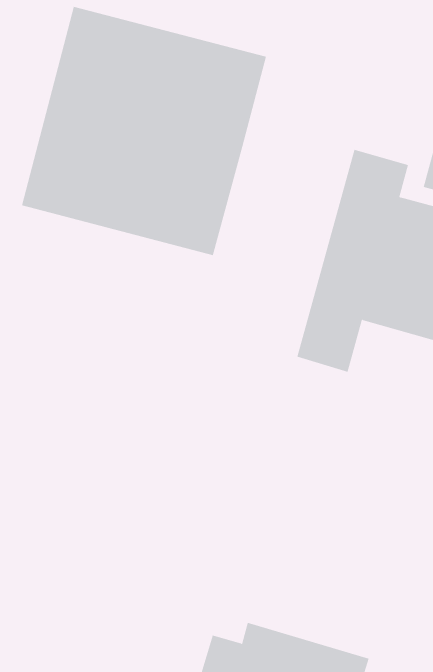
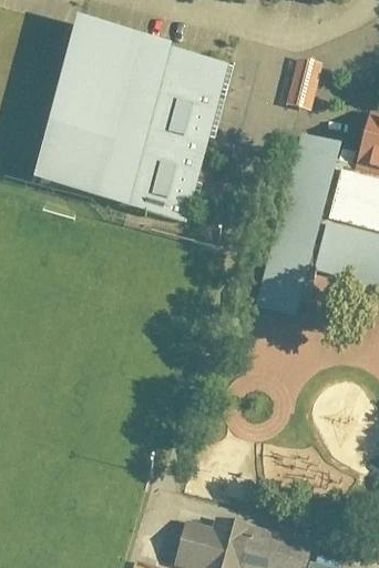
building: none -> [279,57,315,97]

